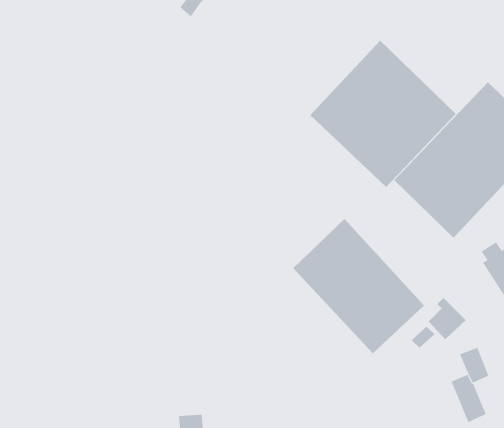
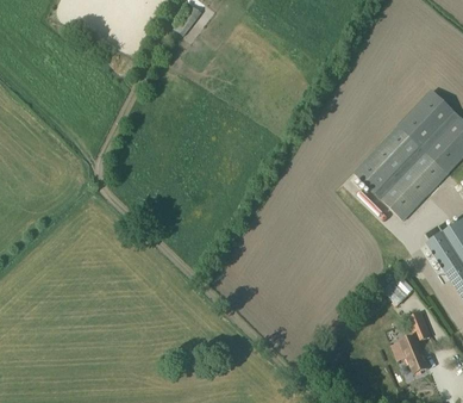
building: [310,40,457,188] -> none
building: [292,218,425,354] -> none

